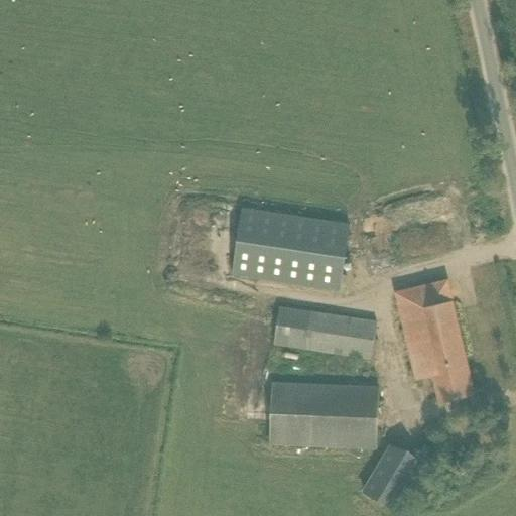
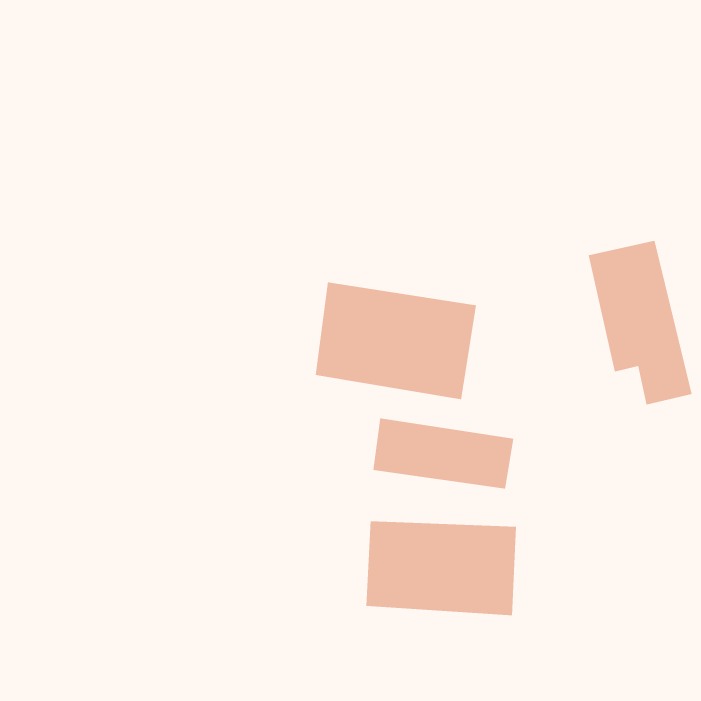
building: [396,281,473,402] -> [588,240,692,405]
building: [363,443,421,507] -> none

